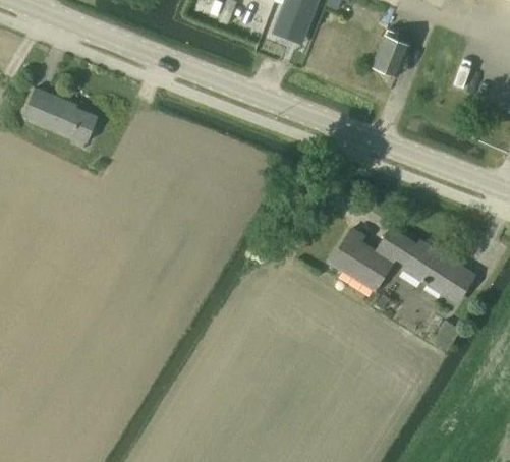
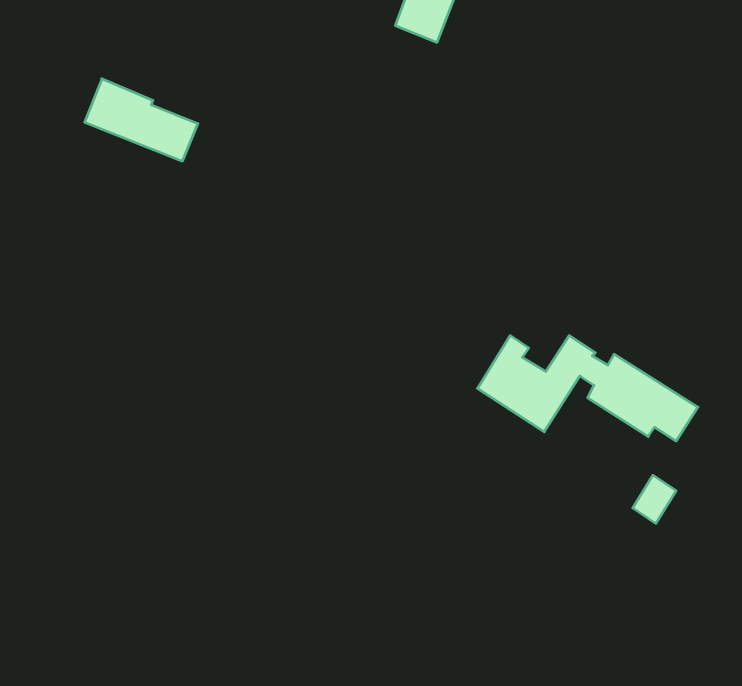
building: [373,28,409,75] -> none
building: [22,88,97,141] -> [85,79,198,161]

